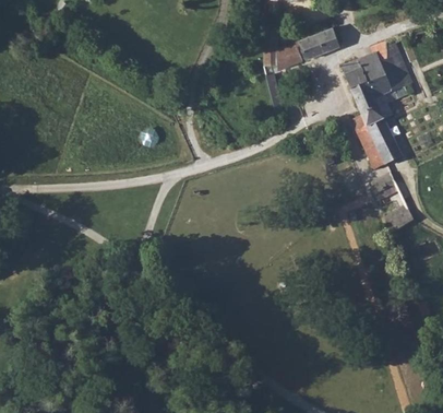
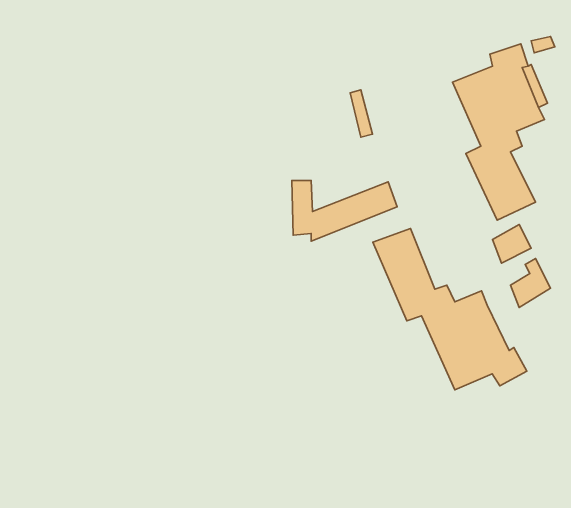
building: [262,26,339,71] -> [292,180,397,241]
building: none -> [373,228,527,390]

